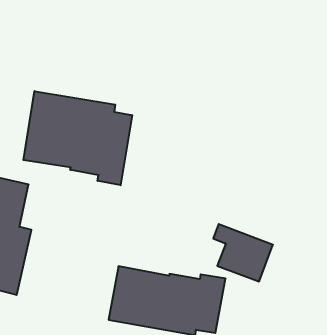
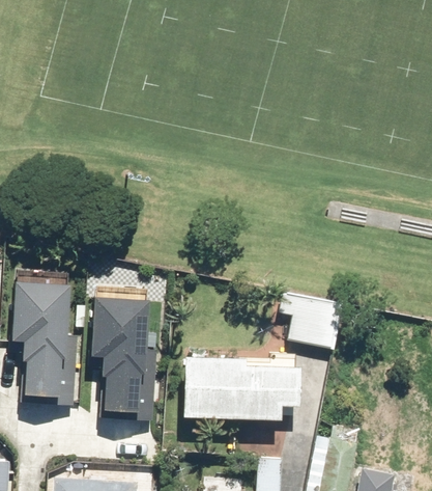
building: [23,91,132,185] -> none
building: none -> [88,299,156,420]

